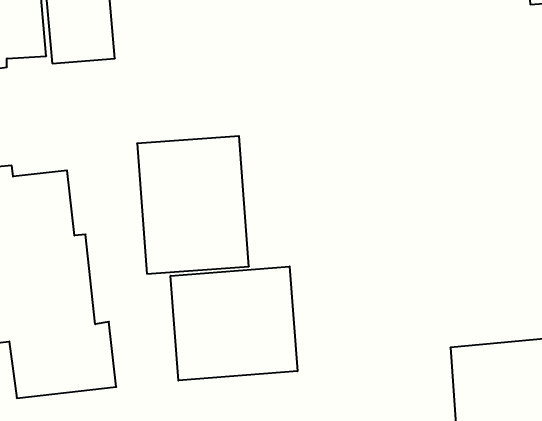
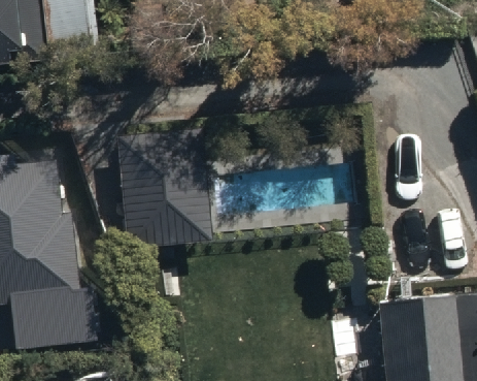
building: [171,266,297,381] -> none

